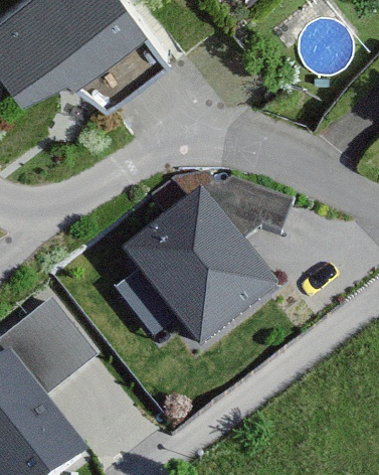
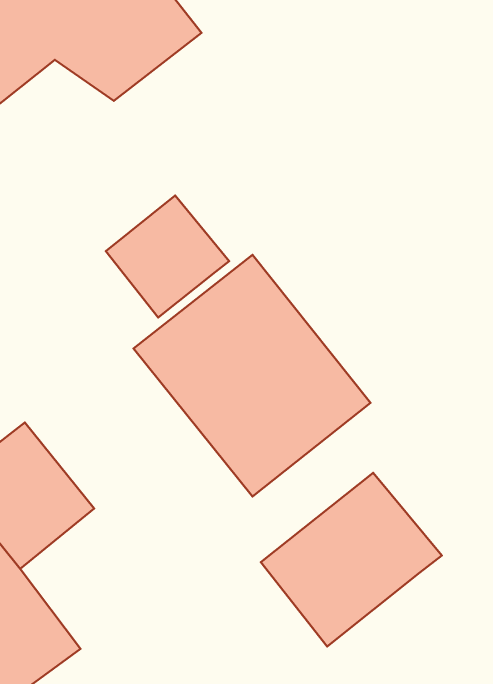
building: none -> [106,196,229,318]
building: none -> [261,473,442,647]

